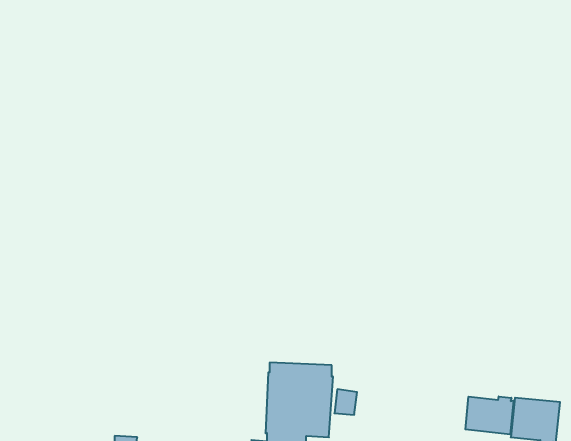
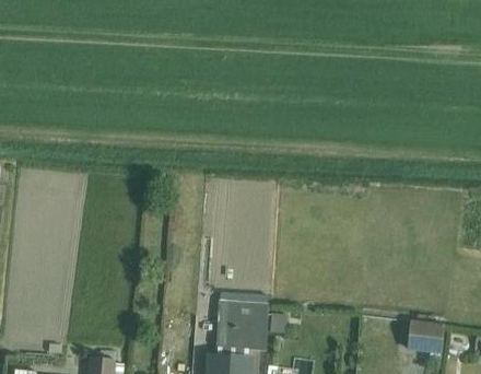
building: [465,396,514,434] -> none

